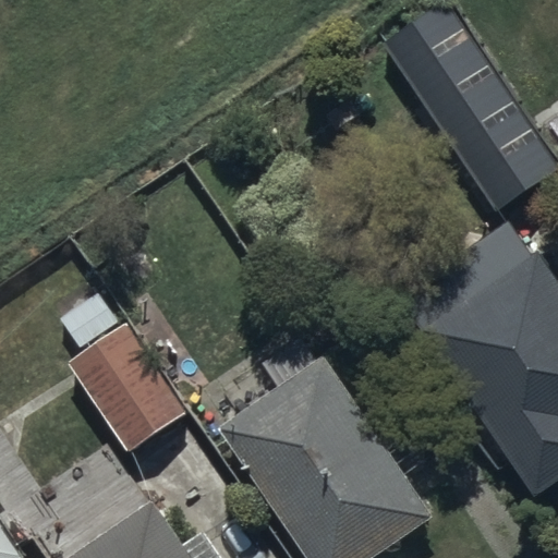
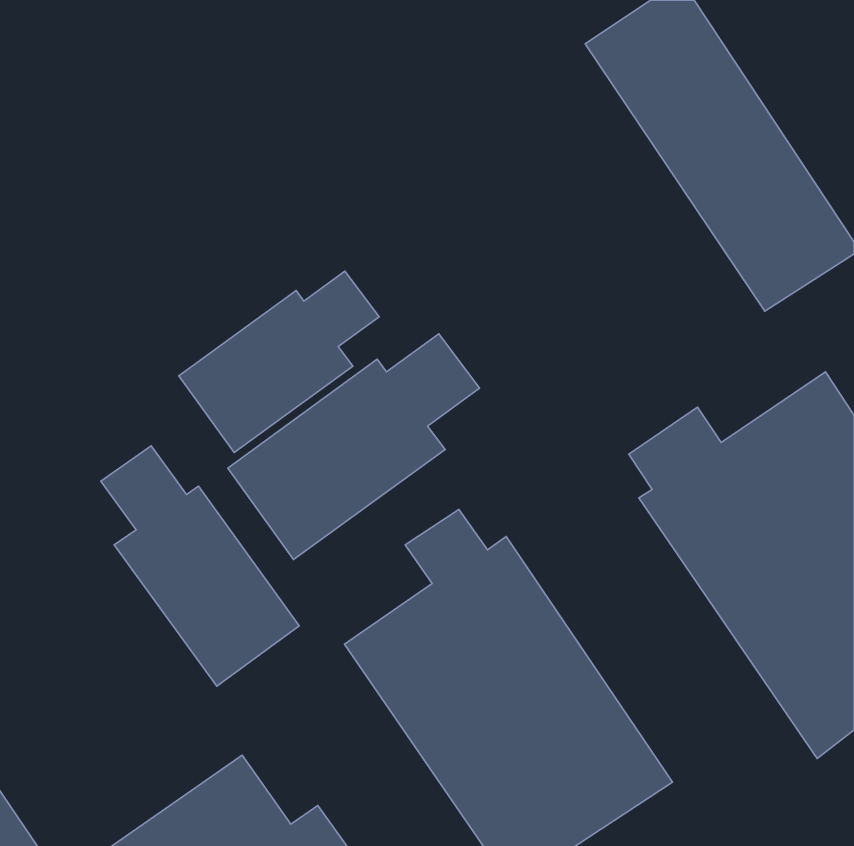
building: none -> [179,271,379,453]
building: none -> [228,334,480,559]

